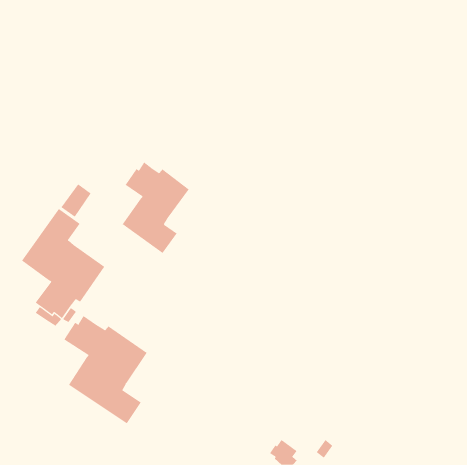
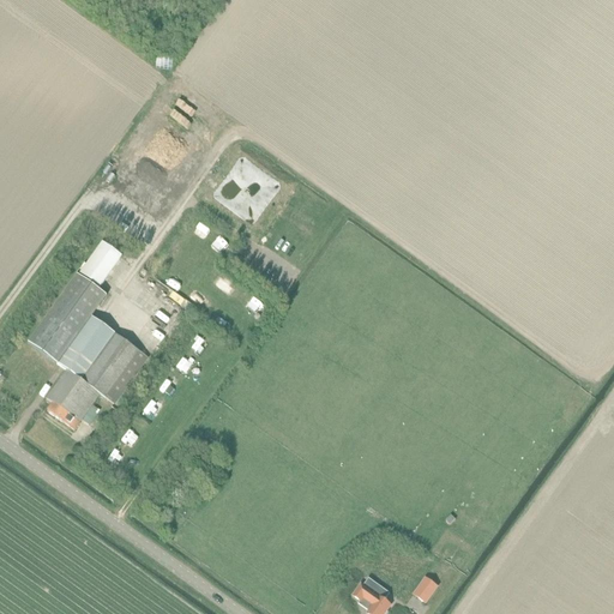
building: [122,162,190,254] -> none
building: [64,315,148,424] -> none

